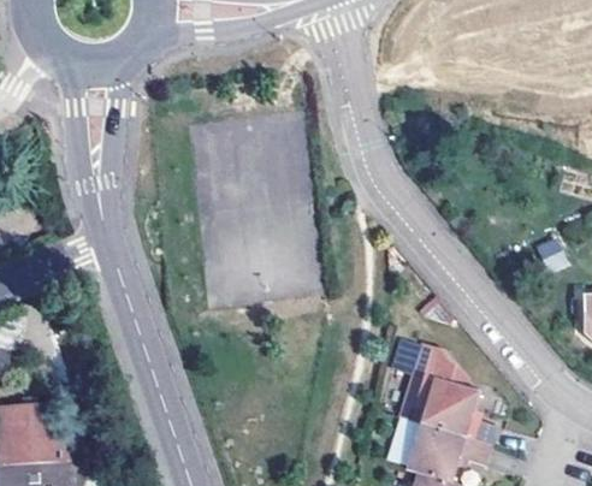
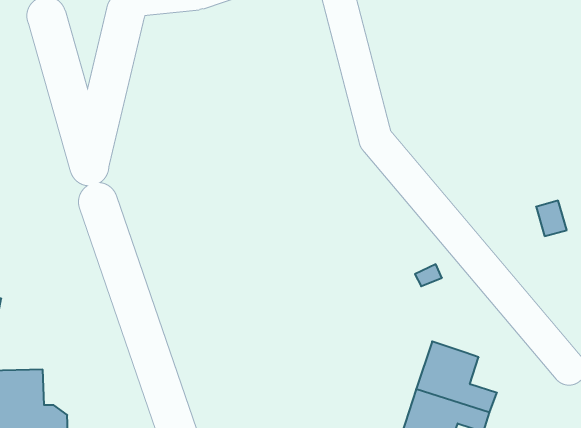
building: [398,342,468,423] -> none

